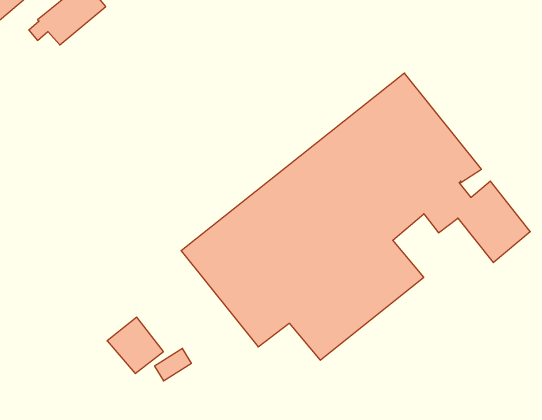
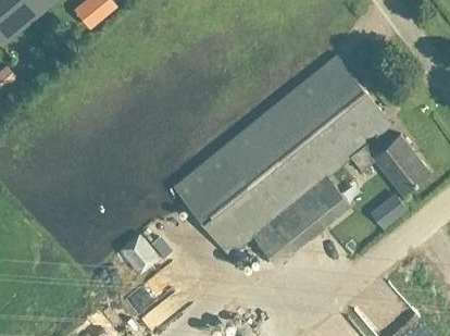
building: none -> [370,196,407,231]

